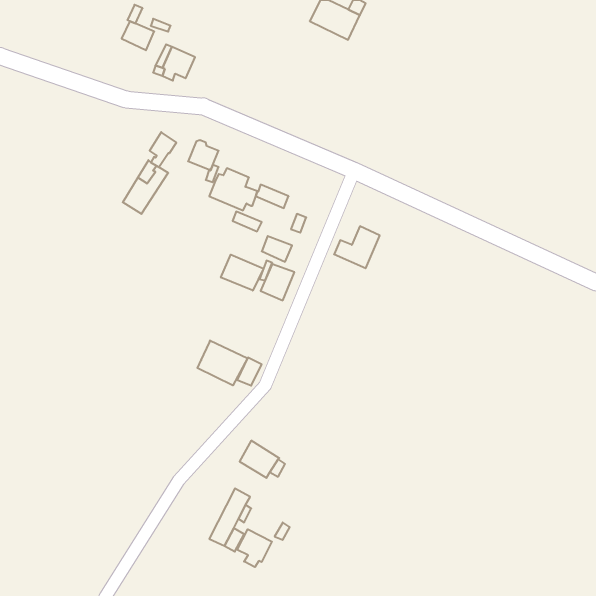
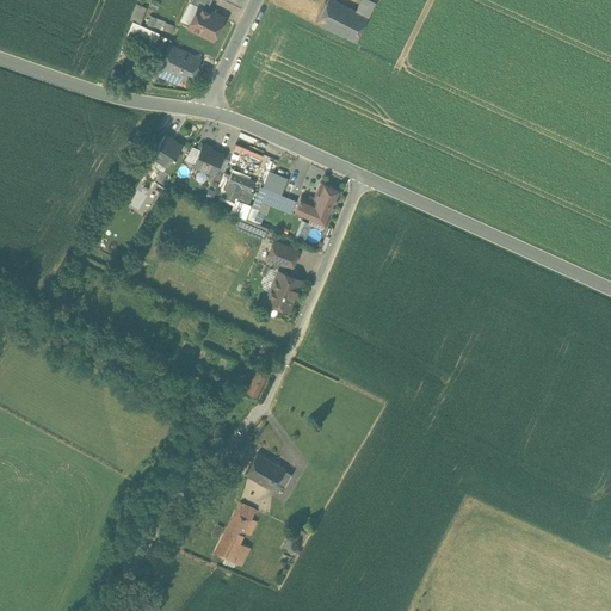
building: none -> [189,6,224,39]
building: [334,226,380,268] -> [296,183,342,226]
building: [221,255,263,291] -> none
building: [197,340,247,385] -> none
building: [237,529,272,567] -> none

